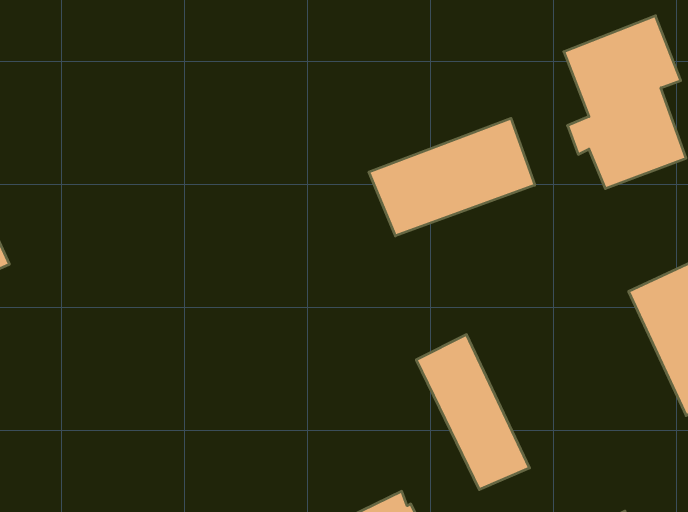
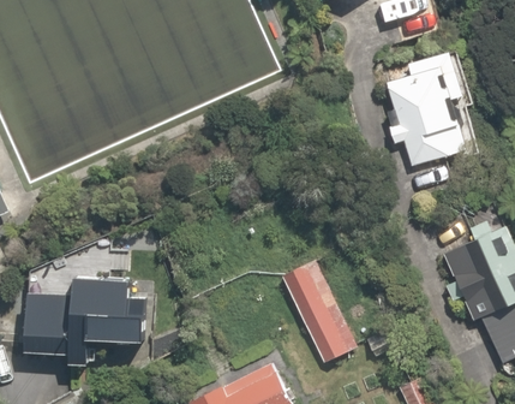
building: [369,118,535,236] -> none
building: none -> [26,281,145,368]

